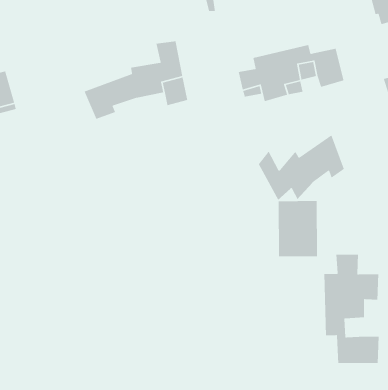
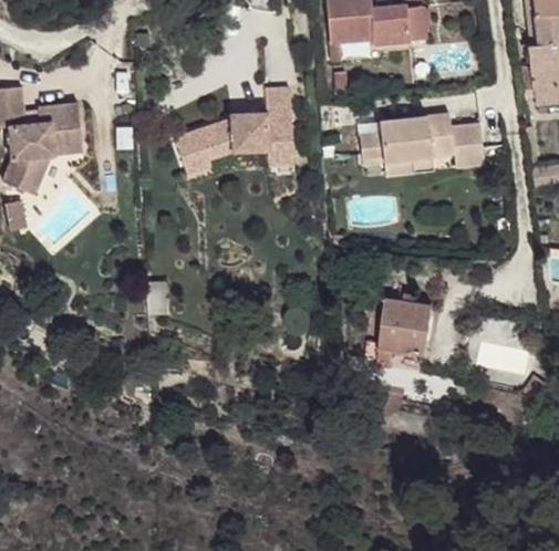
building: [258,134,345,201] -> none
building: [324,254,380,364] -> none

